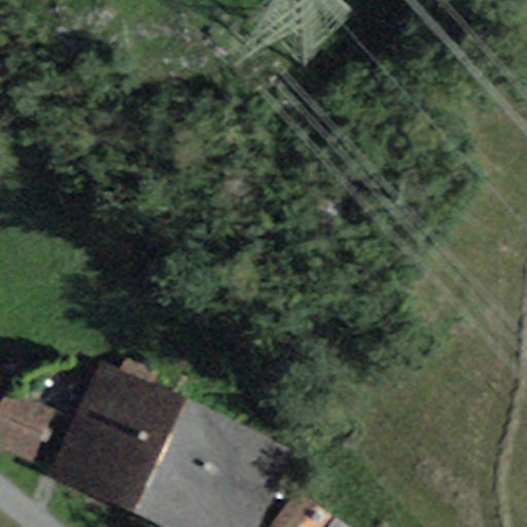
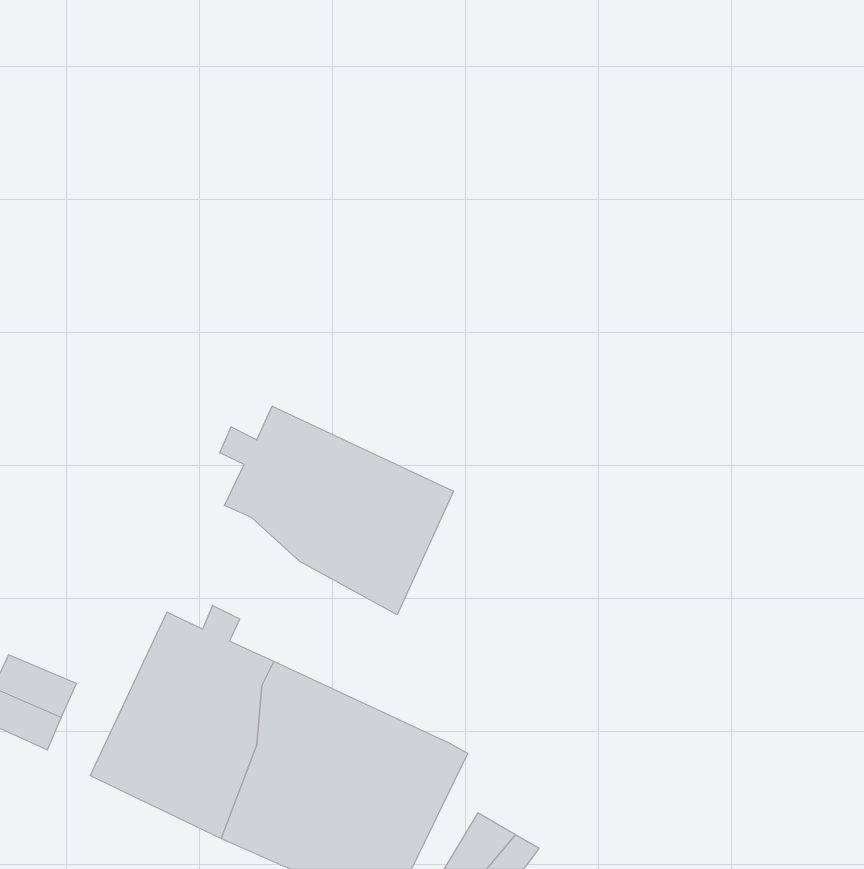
building: none -> [220,406,453,615]

